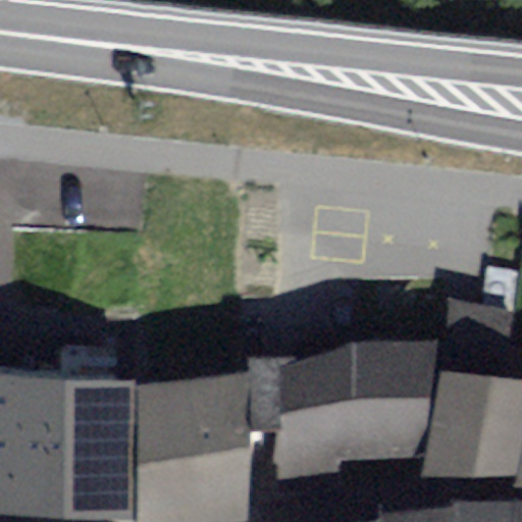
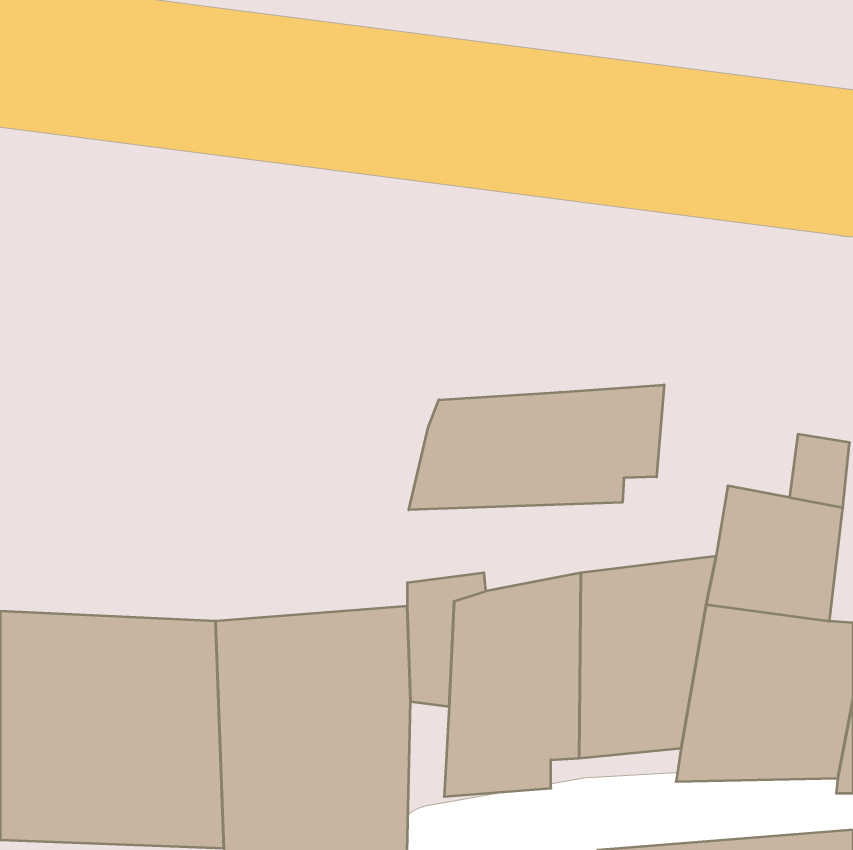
building: none -> [409,385,664,510]

